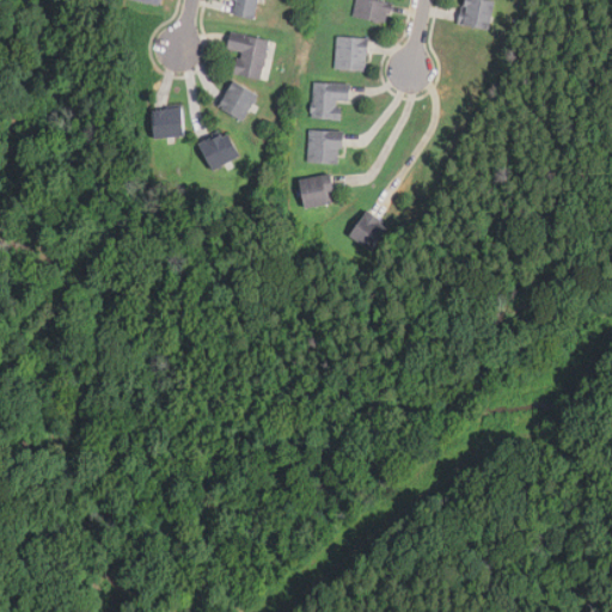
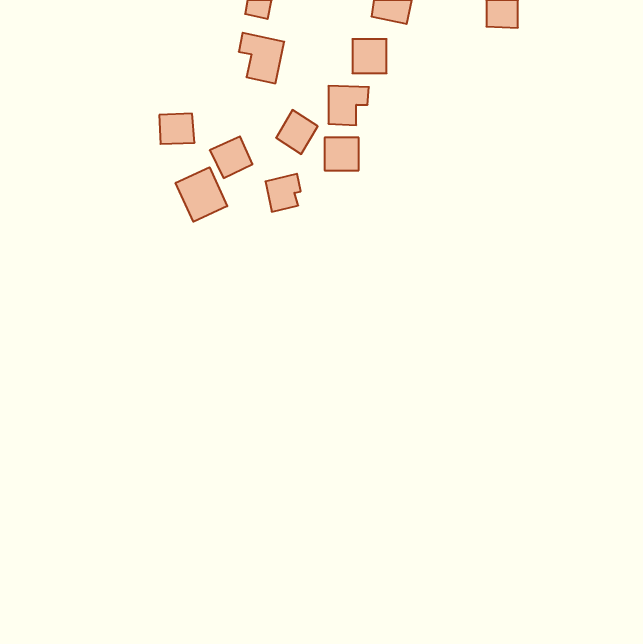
building: [218,80,257,122] -> [276,110,318,154]
building: none -> [176,167,227,222]
building: [299,173,332,209] -> [265,174,301,212]
building: [349,212,388,251] -> none

